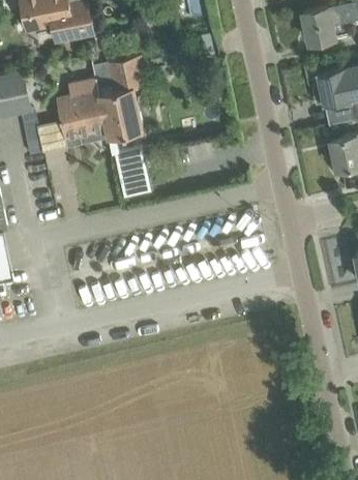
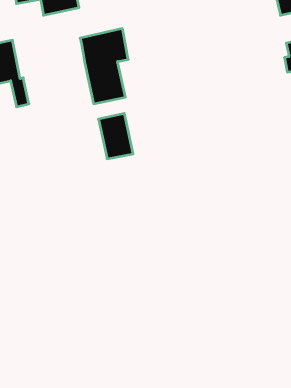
building: [57,81,109,148] -> none

